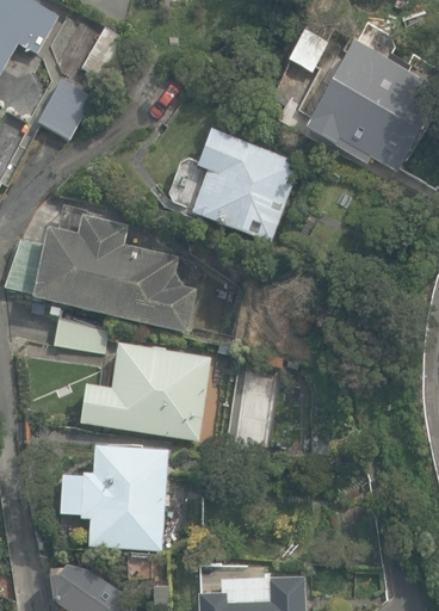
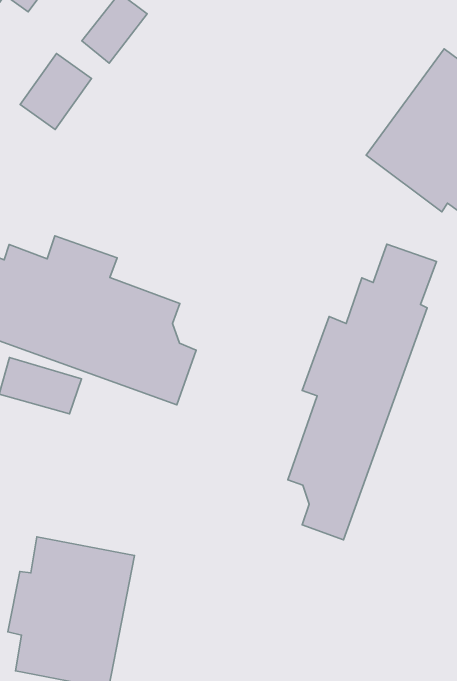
building: [169,131,298,241] -> none
building: none -> [288,244,436,540]
building: [79,338,210,434] -> none

